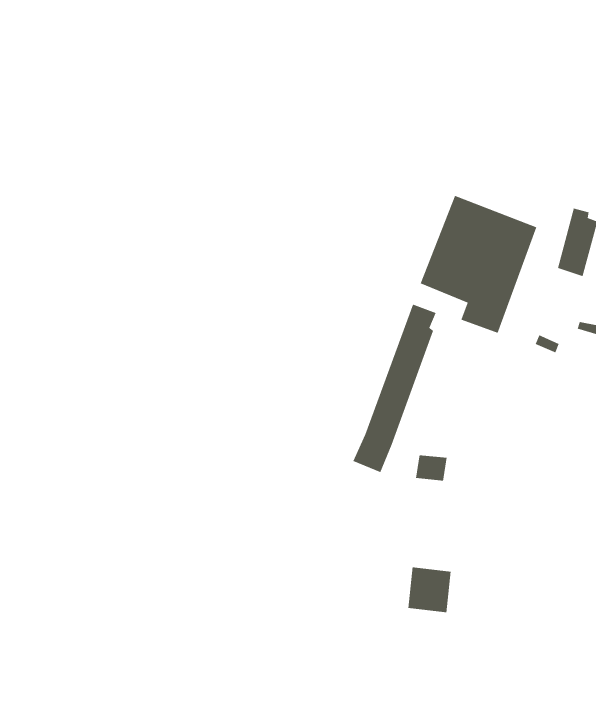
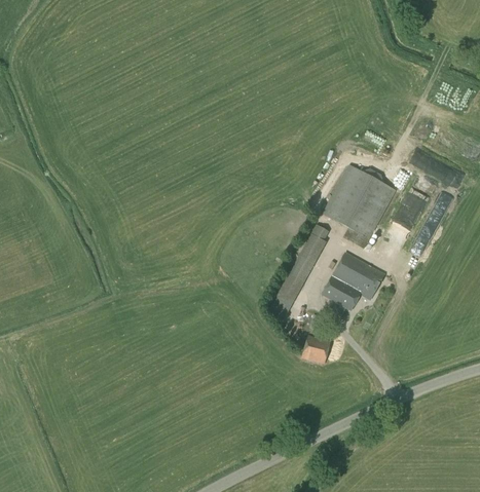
building: none -> [322,251,384,308]
building: [407,567,452,613] -> [302,333,331,363]

